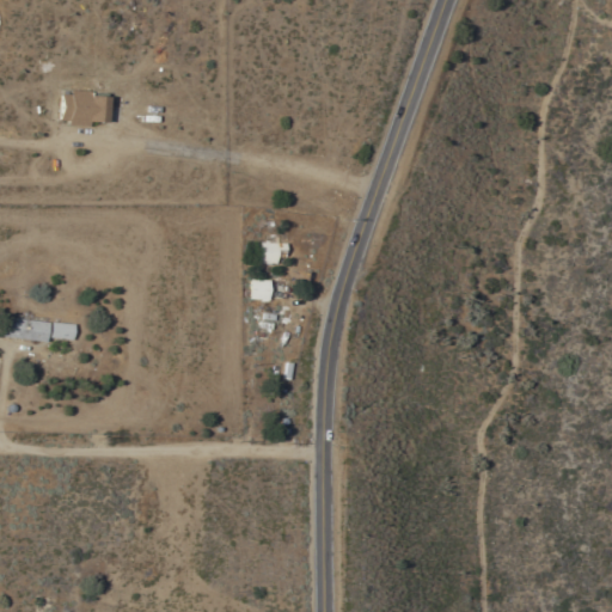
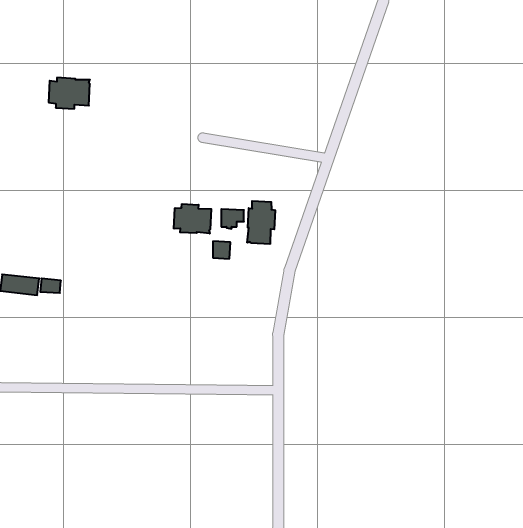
building: none -> [247,201,275,244]
building: none -> [174,204,211,234]

